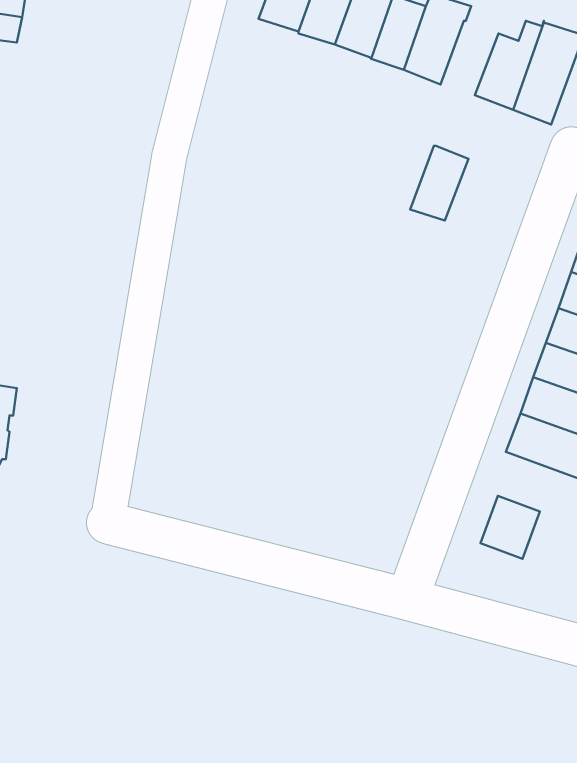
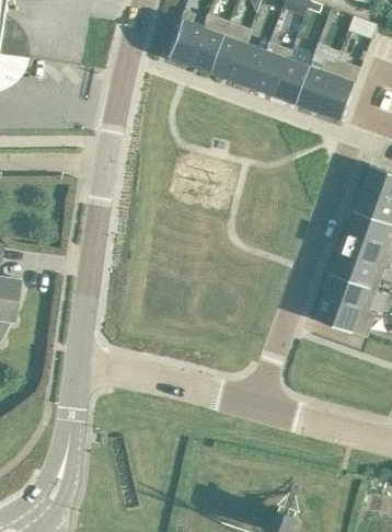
building: [410,146,469,221] -> [274,57,309,102]
building: [480,496,540,559] -> none

